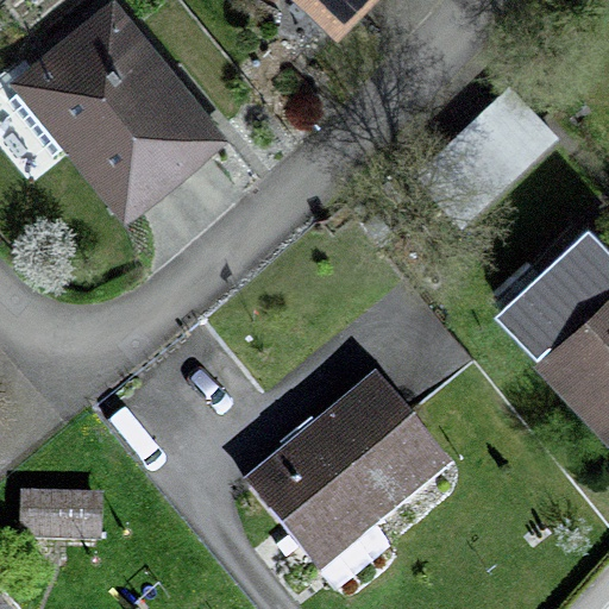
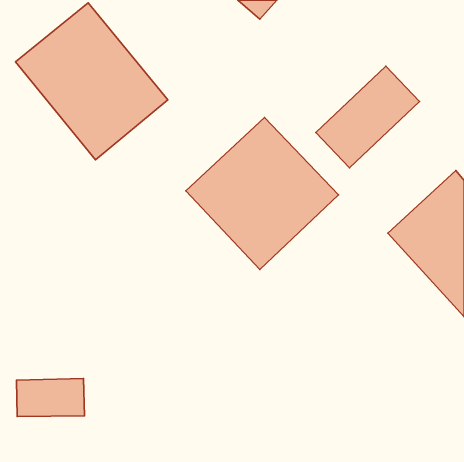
building: none -> [186,117,338,269]
building: [249,381,438,564] -> none

